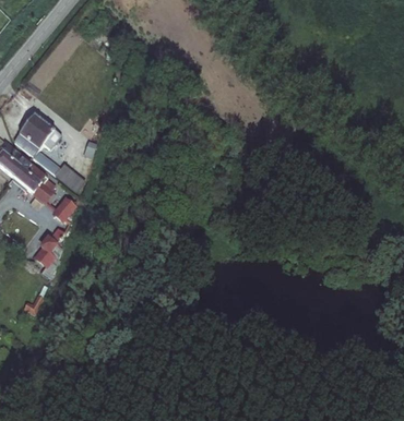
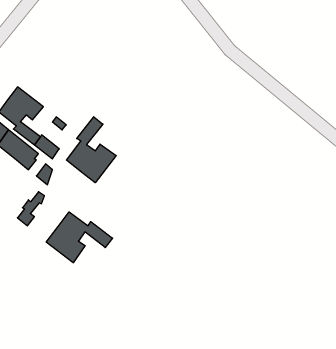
building: none -> [66,117,116,183]
building: none -> [46,212,113,263]

